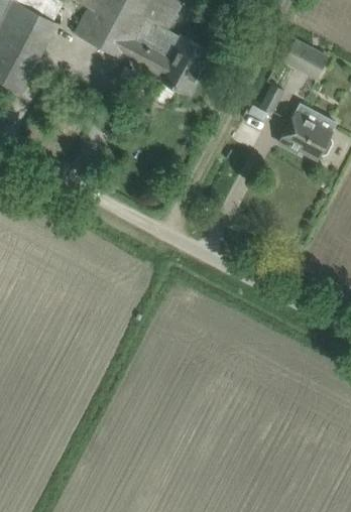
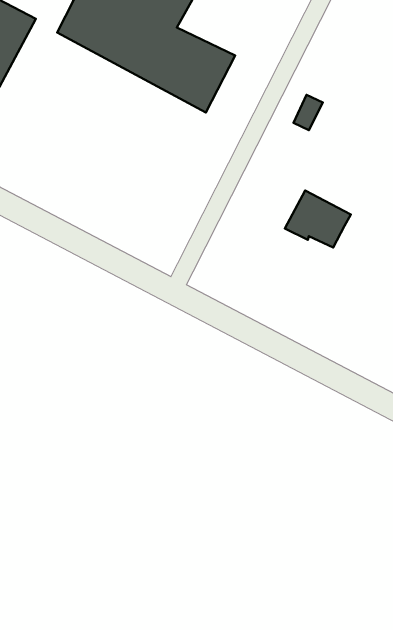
building: [282,37,329,79] -> none
building: [279,111,332,156] -> [285,190,351,247]

